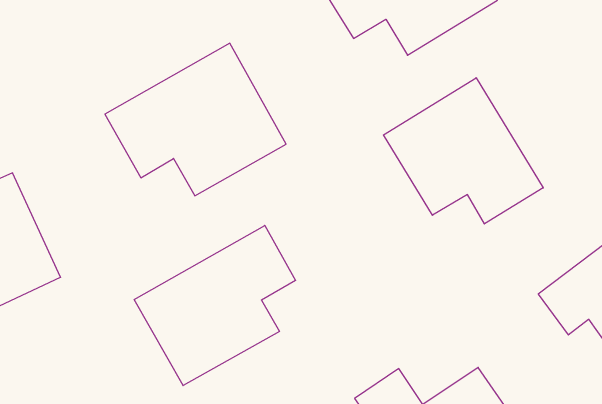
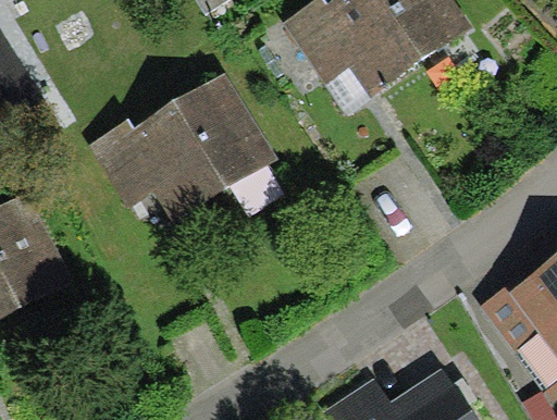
building: [383,78,543,224] -> none
building: [134,225,296,386] -> none

